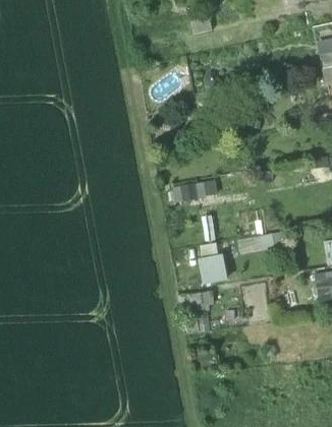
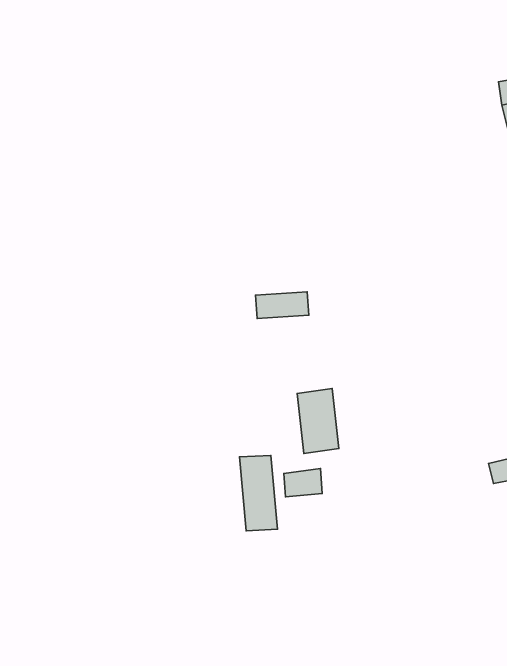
building: none -> [239,455,278,531]

